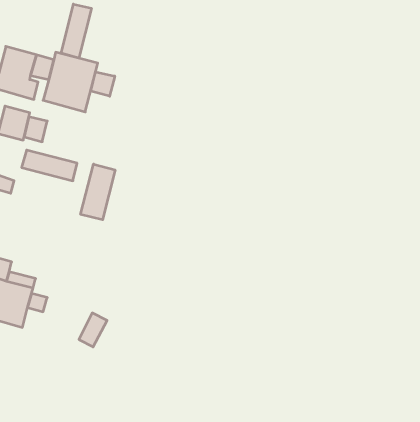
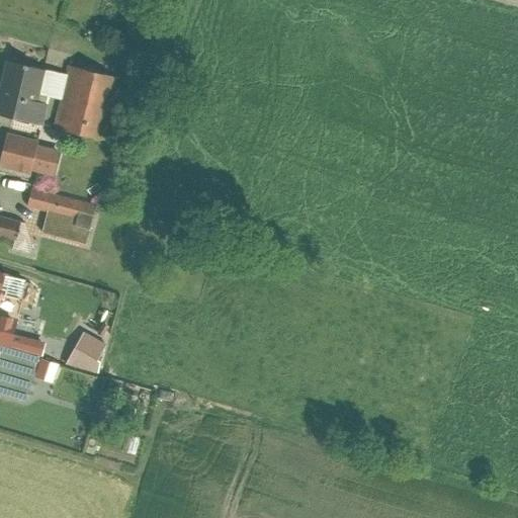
building: [61,4,91,58] -> none
building: [91,72,115,96] -> none
building: [81,164,115,220] -> none
building: [79,313,107,347] -> [67,332,101,373]

